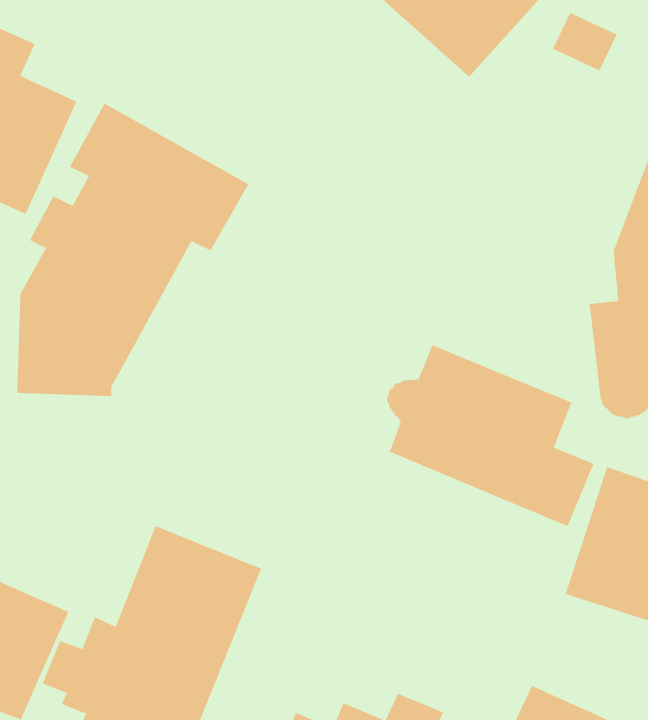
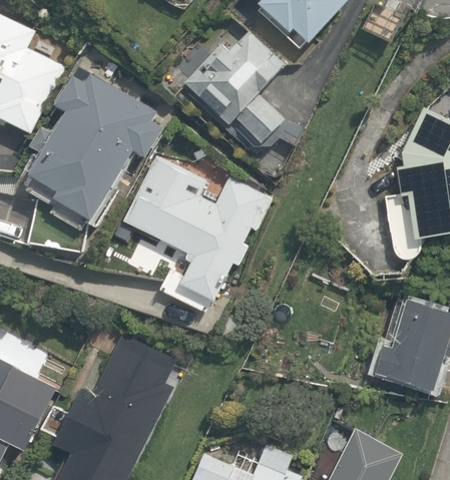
building: none -> [177,23,301,156]
building: none -> [120,158,268,306]
building: [386,345,594,527] -> none

